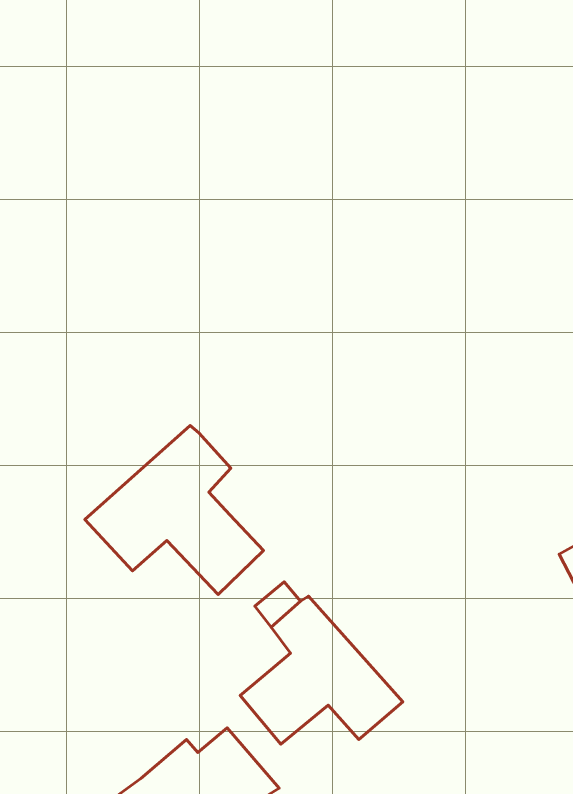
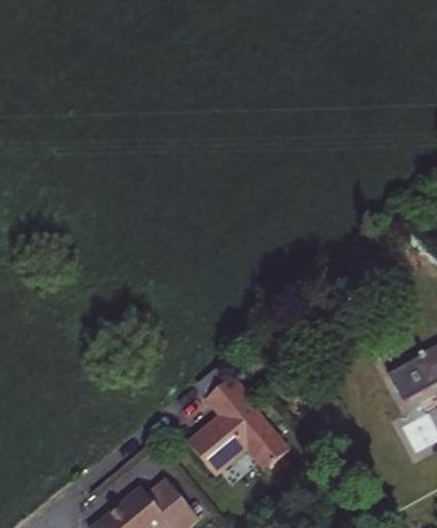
building: [85,426,263,595] -> none

